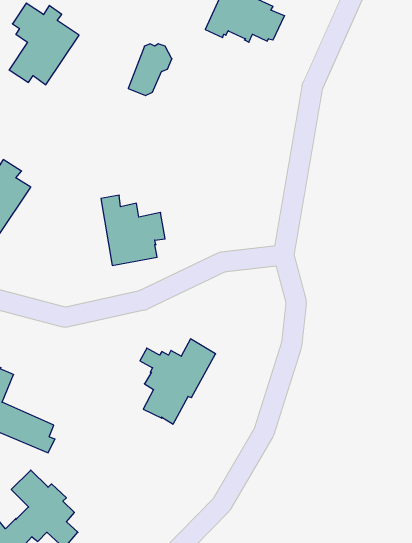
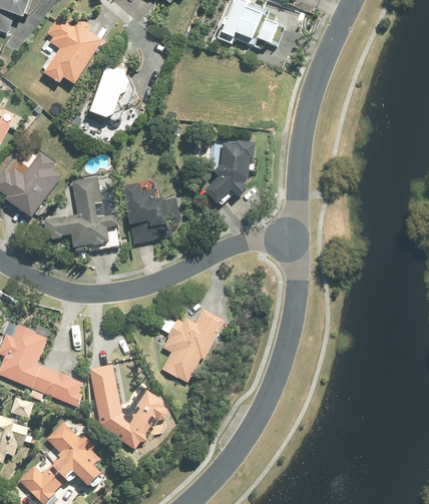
building: [128,44,172,96] -> [93,74,131,119]
building: none -> [206,141,256,204]
building: none -> [44,175,119,248]
building: none -> [88,363,168,450]

